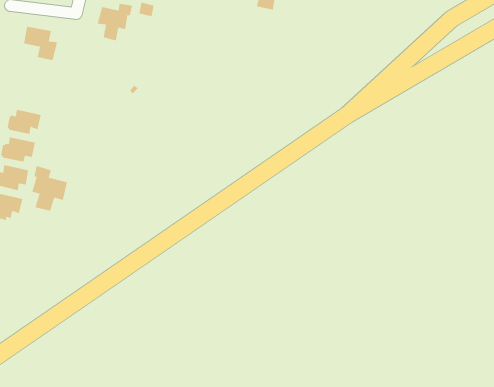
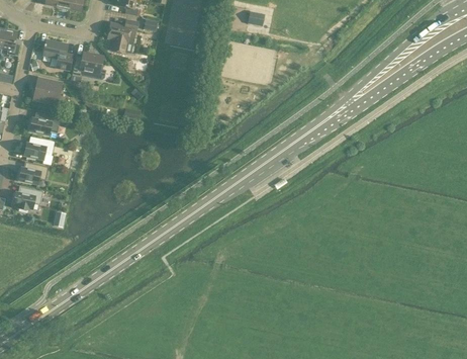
building: none -> [71,52,105,79]
building: none -> [32,78,61,104]
building: [31,165,67,212] -> none

